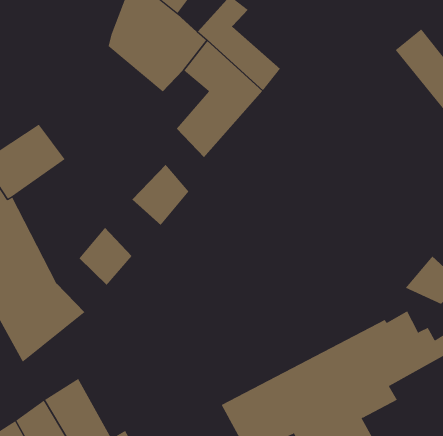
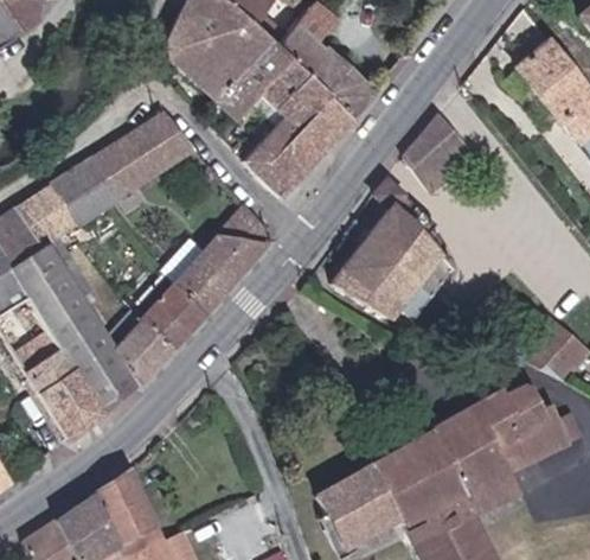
building: none -> [89,110,193,199]
building: none -> [397,112,475,192]
building: none -> [315,183,443,325]
building: none -> [169,248,236,317]
building: none -> [110,319,171,384]

